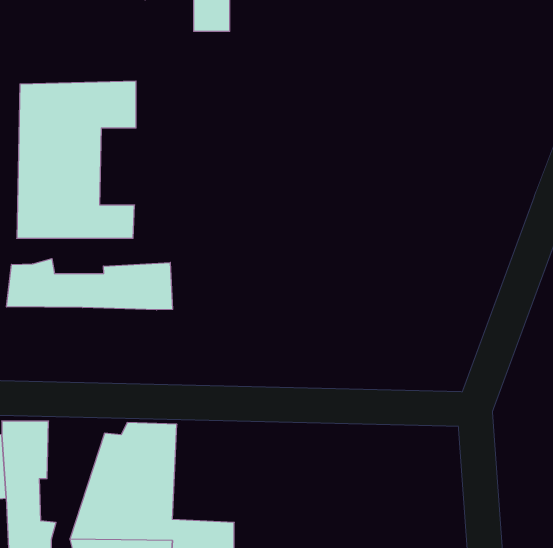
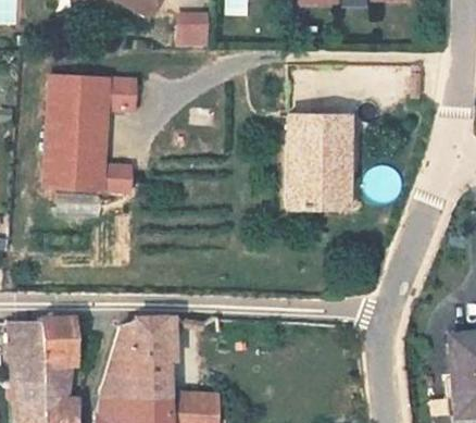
building: none -> [295,109,361,202]
building: [7,259,173,310] -> none

